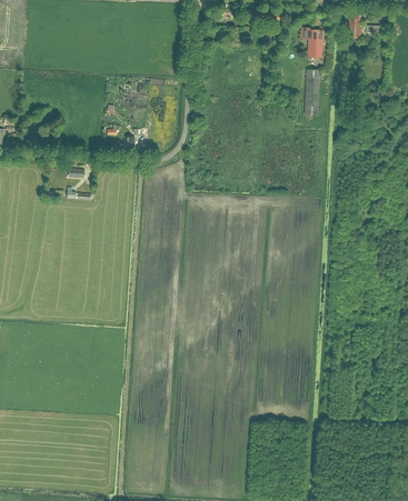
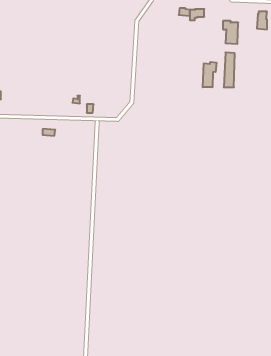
building: none -> [203,62,216,87]

